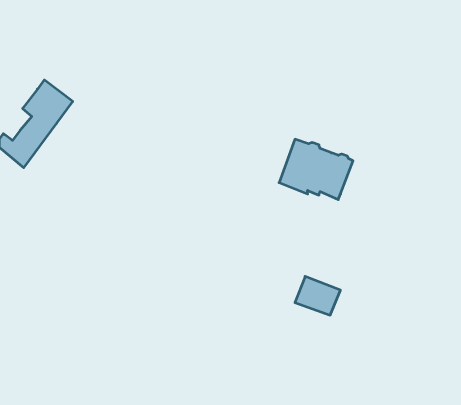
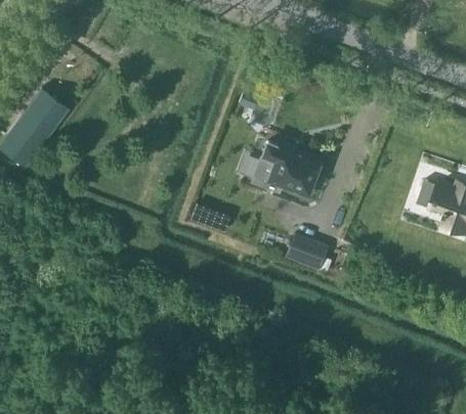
building: [295,276,340,315] -> [286,234,327,269]

